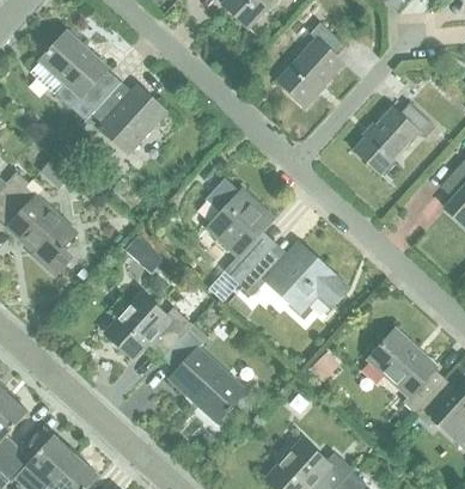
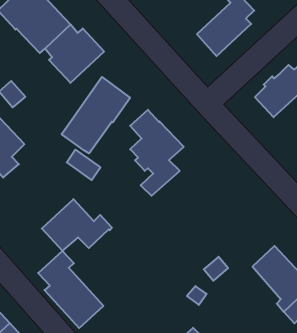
building: none -> [62,77,130,153]
building: [238,243,349,311] -> none
building: [161,328,245,421] -> [38,251,103,328]

